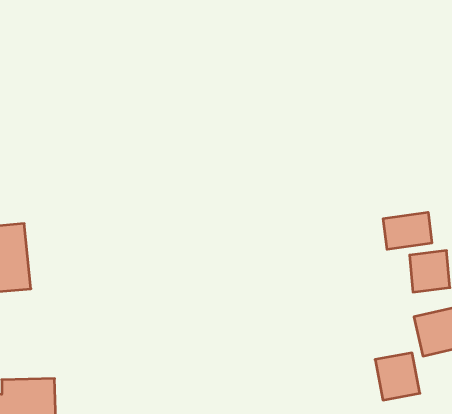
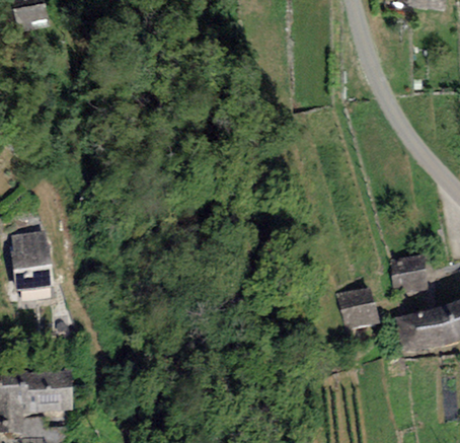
building: [383,212,432,249] -> none
building: [375,353,420,400] -> [338,288,379,330]

